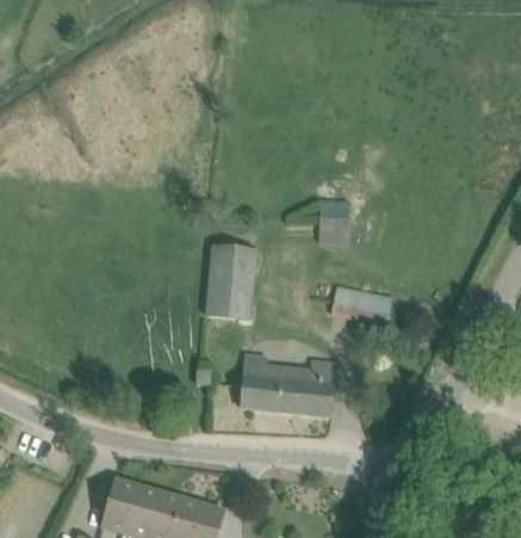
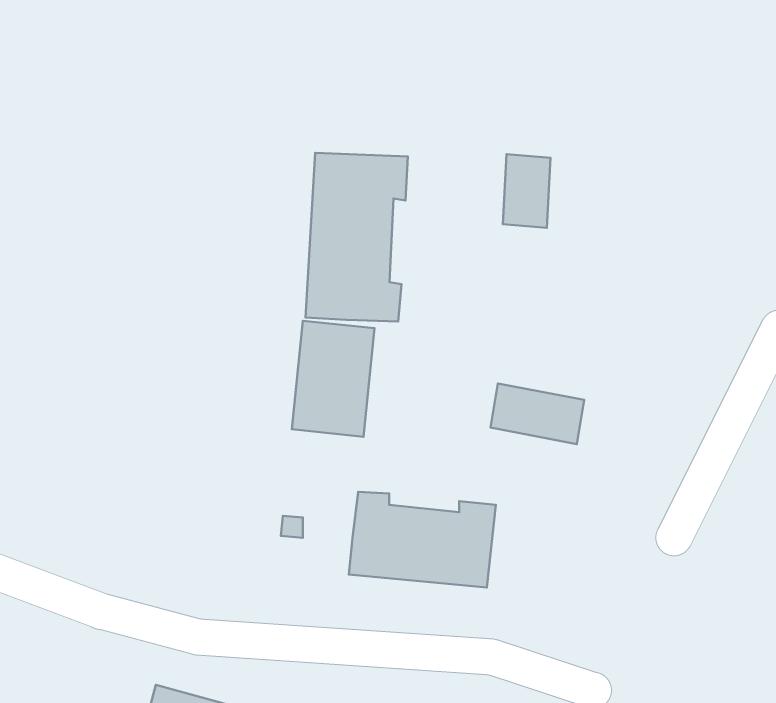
building: none -> [305,153,408,321]
building: [318,197,349,245] -> [503,154,551,228]

